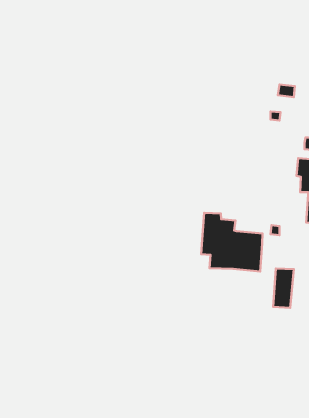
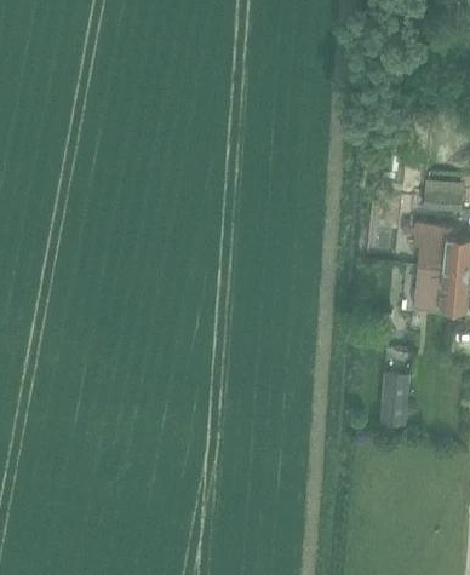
building: [201,213,263,272] -> none

